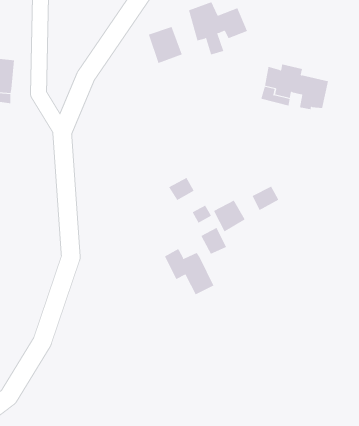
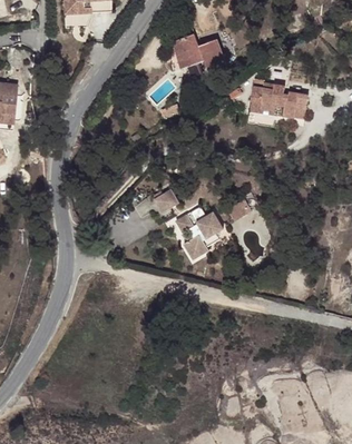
building: [148,26,183,64] -> none
building: [164,248,214,295] -> none

